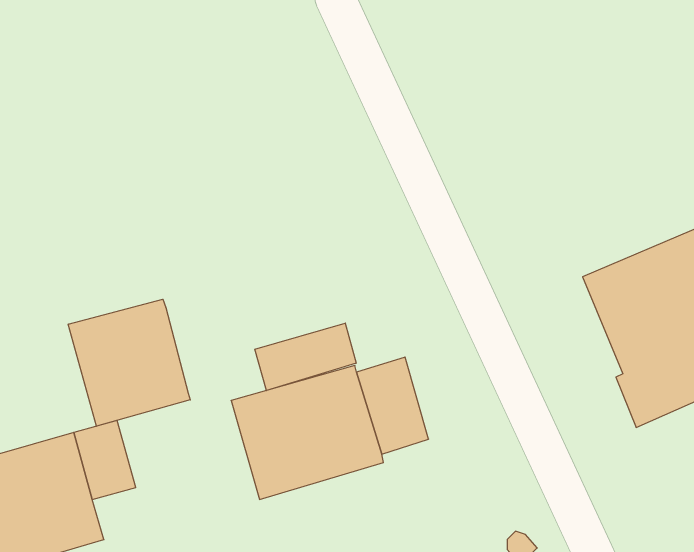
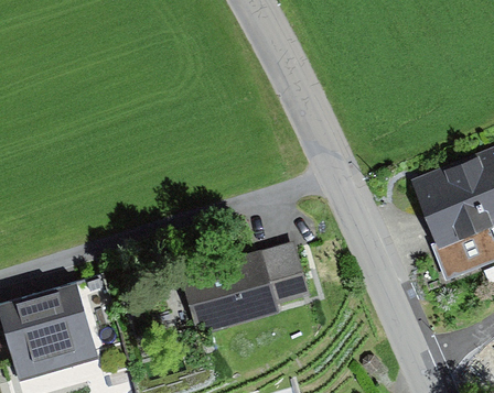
building: [68,299,190,426] -> none
building: [255,323,356,391] -> none

